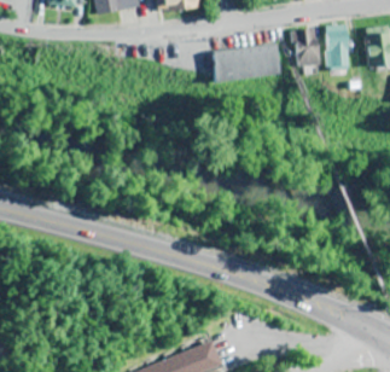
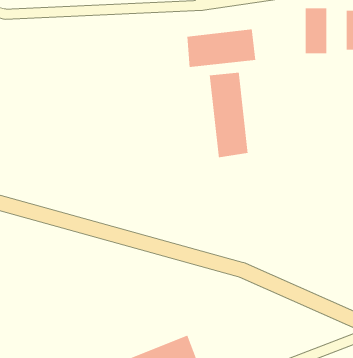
building: [295,28,318,64] -> none
building: none -> [209,72,248,158]

